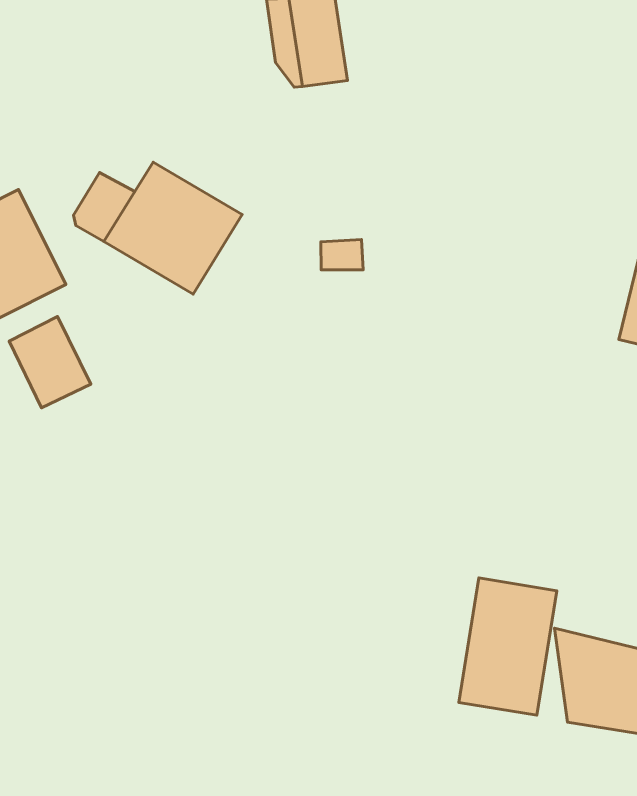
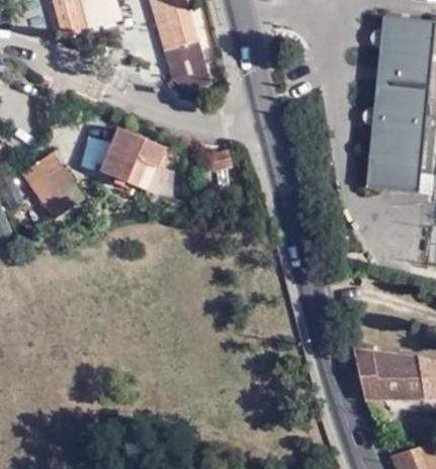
building: [9,316,91,408] -> none
building: [459,578,557,715] -> none

